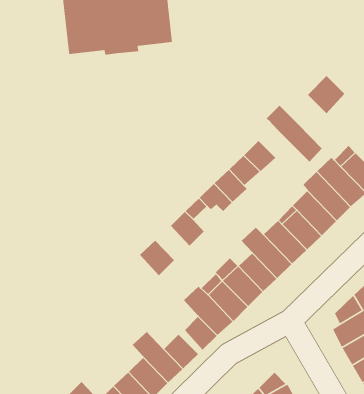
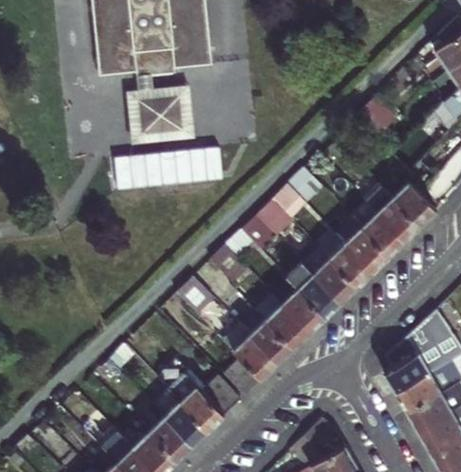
building: none -> [129,75,197,144]
building: [266,105,322,162] -> none
building: none -> [112,147,220,190]

